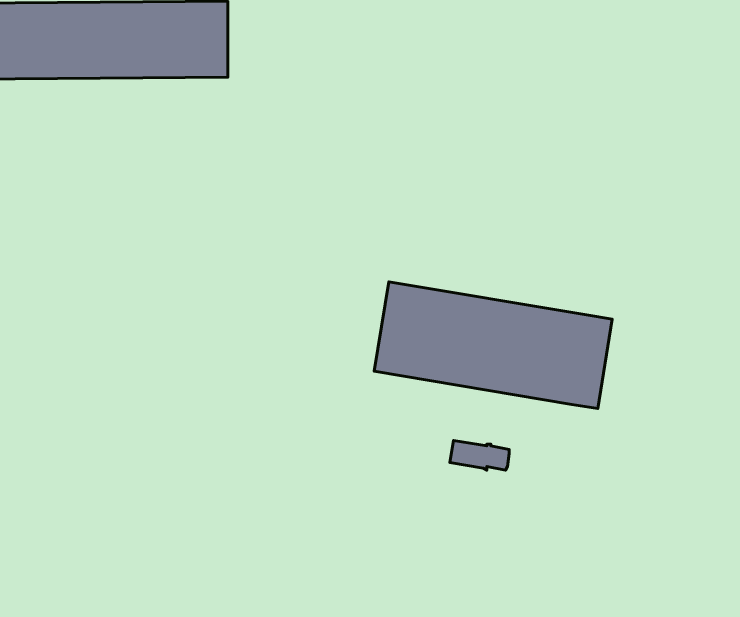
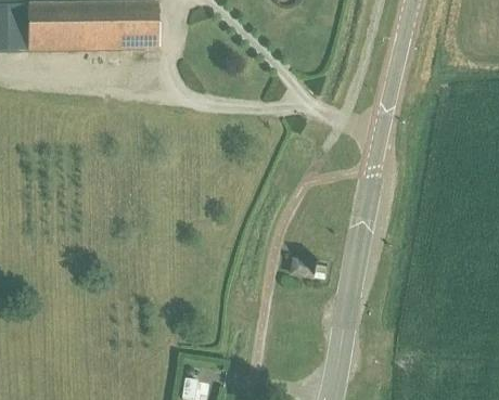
building: [374,282,612,408] -> none

